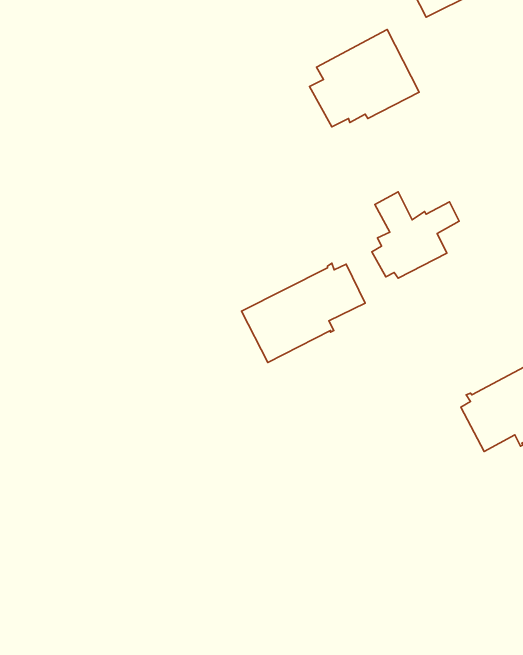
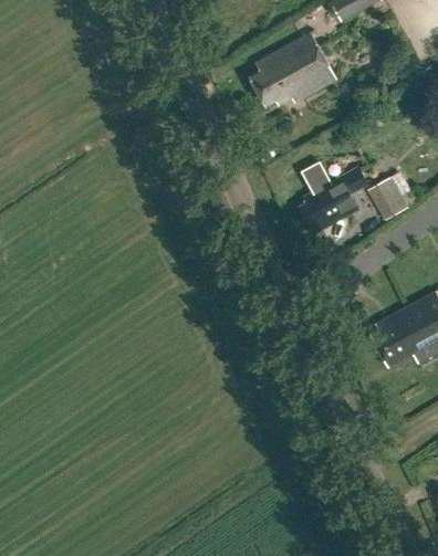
building: none -> [372,177,407,218]
building: [241,263,365,363] -> none

